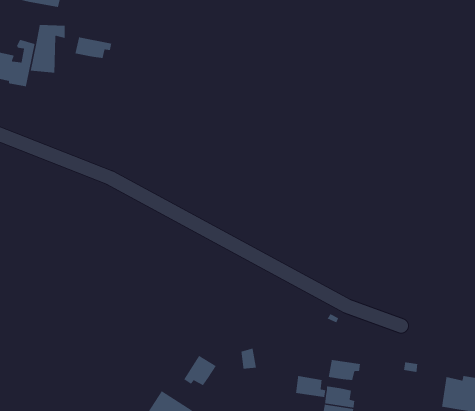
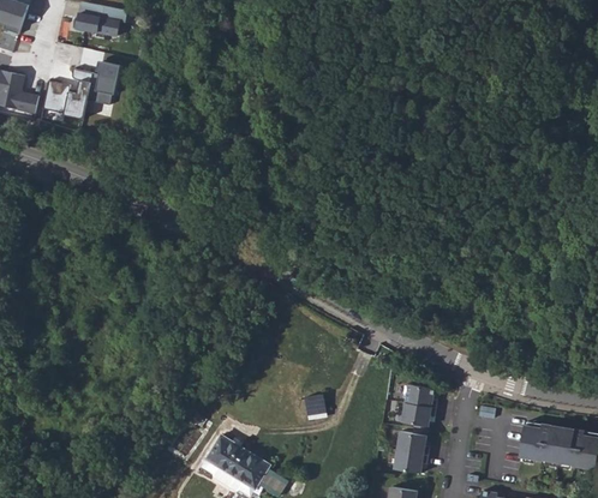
building: [74,37,112,59] -> none
building: [183,355,217,386] -> none
building: [295,375,326,398] -> [402,385,435,409]

